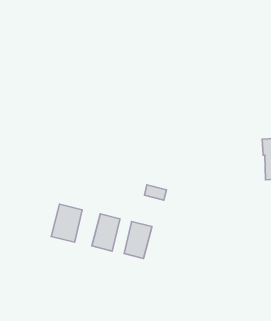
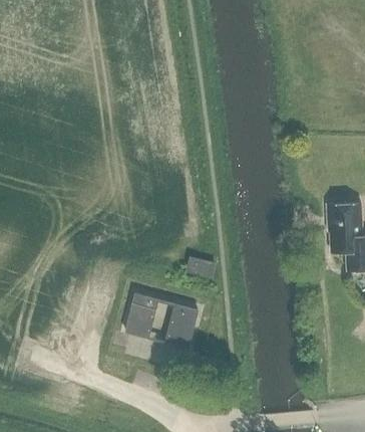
building: [51,204,82,242] -> none

